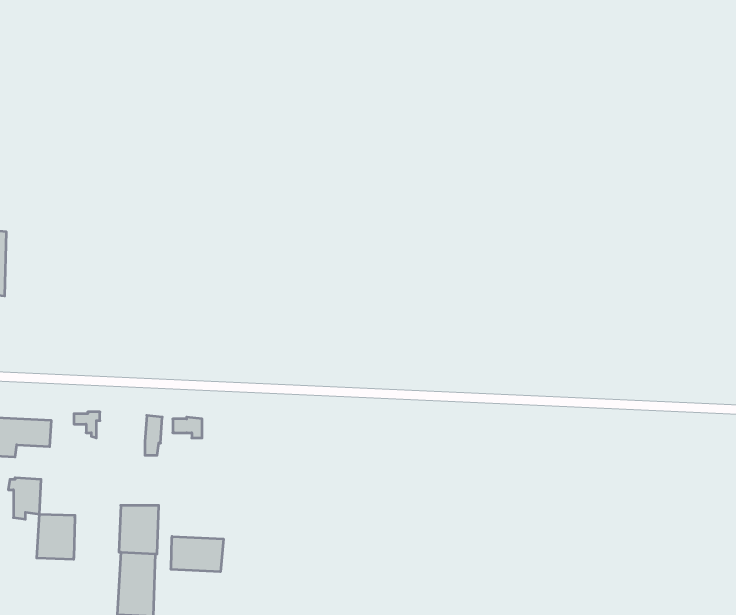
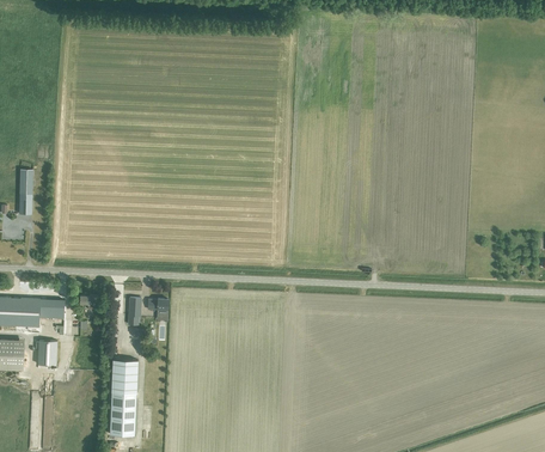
building: [37,514,75,559] -> none
building: [171,536,223,572] -> none

